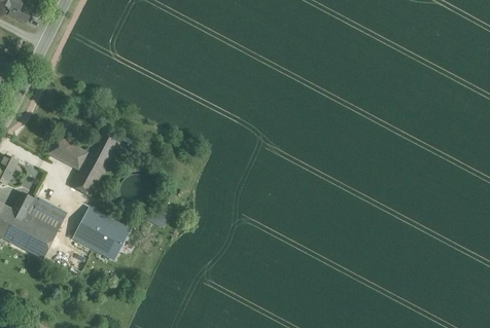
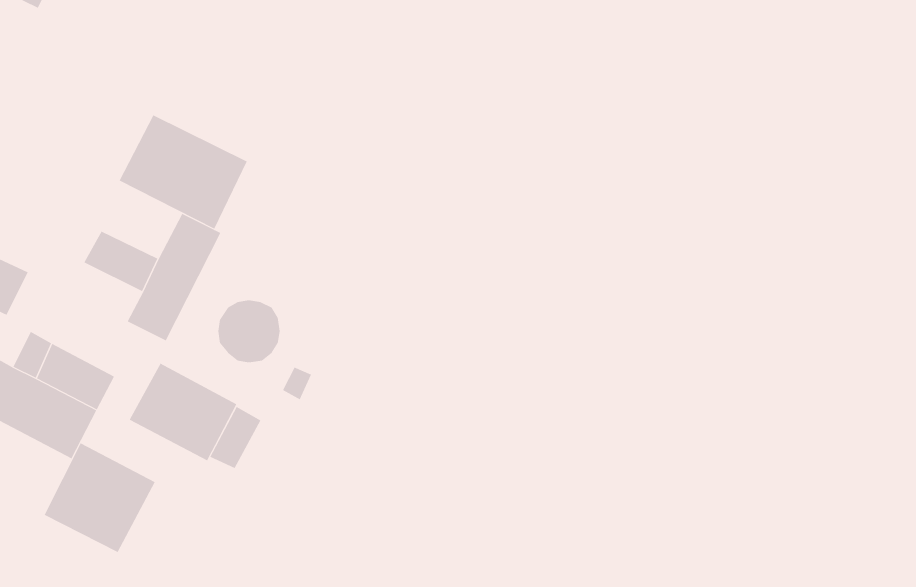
building: none -> [119,114,248,230]
building: none -> [210,406,261,469]
building: none -> [44,442,156,553]

